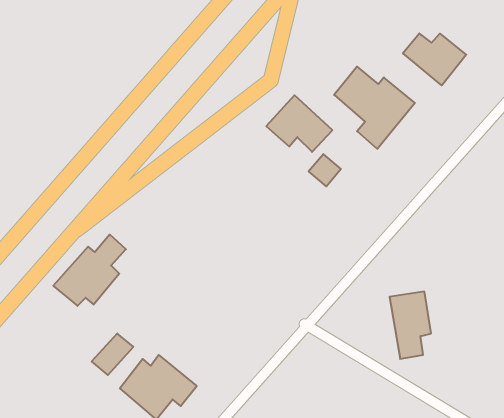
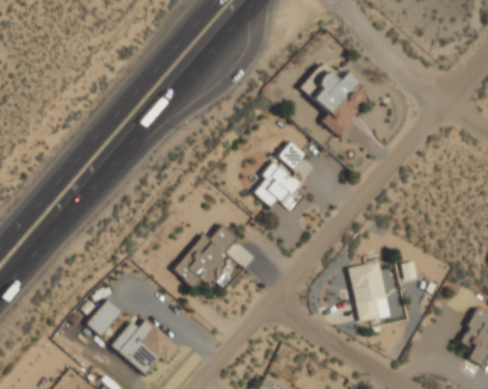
building: [403,33,466,85] -> none
building: [266,95,332,152] -> [251,162,309,212]
building: [53,235,126,306] -> [173,224,237,288]

